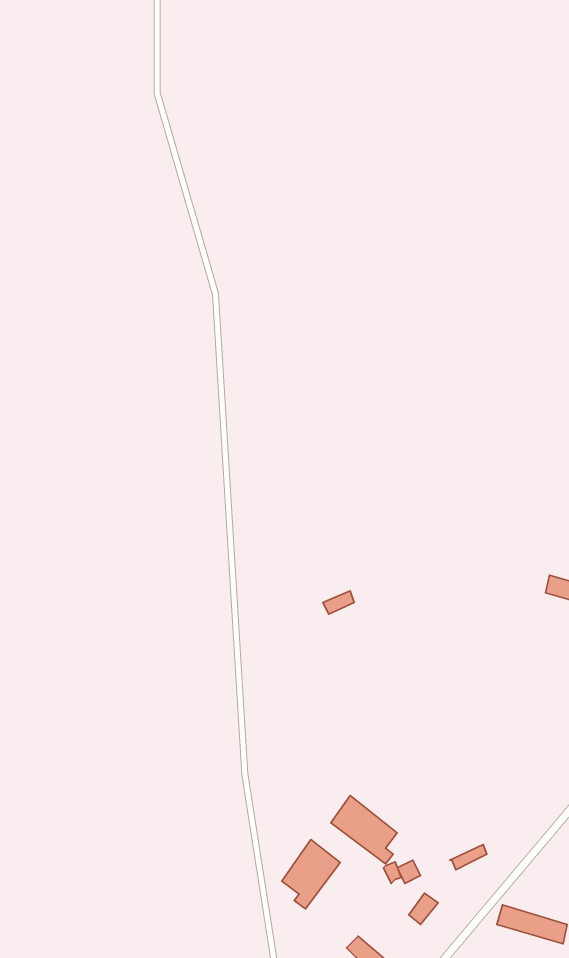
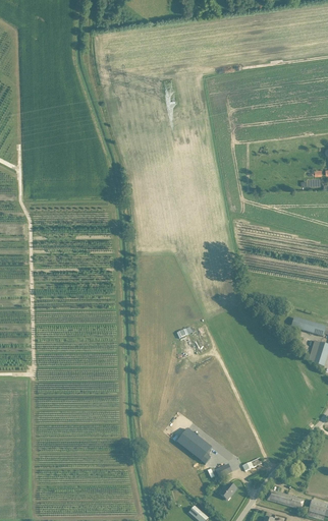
building: [282,840,340,909] -> none

